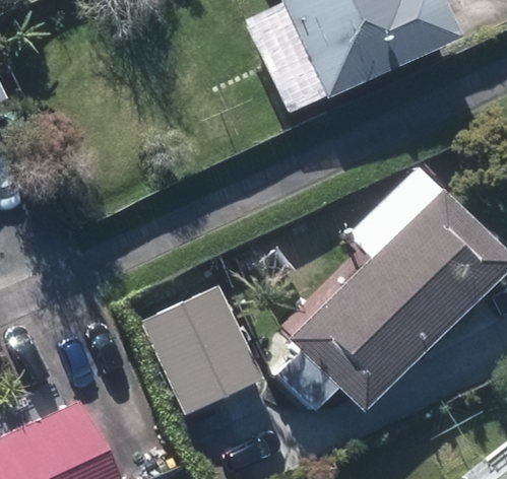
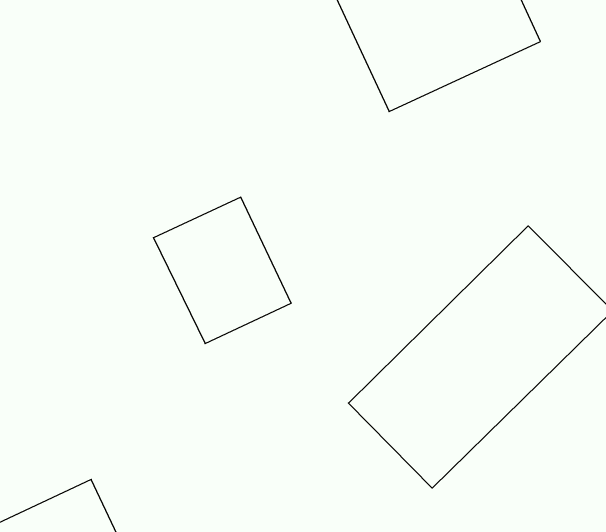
building: [148,289,262,410] -> [153,197,291,344]

